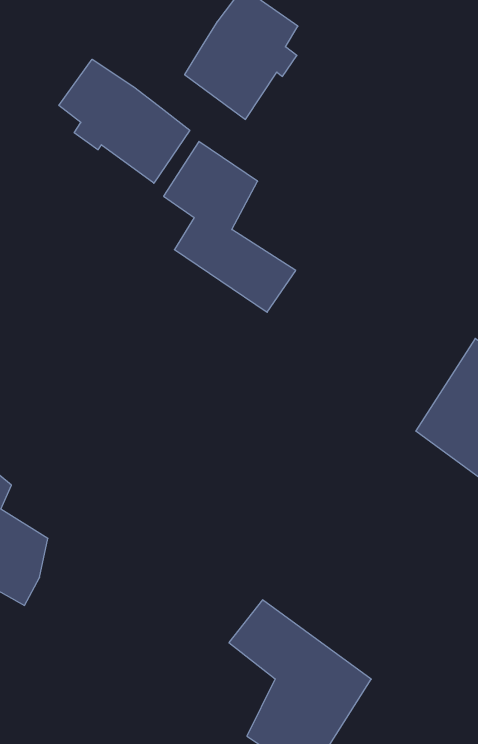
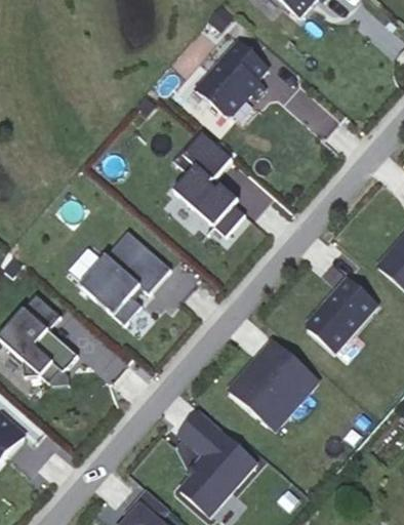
building: [59,59,190,183] -> none
building: none -> [79,232,170,325]
building: none -> [226,334,322,430]

